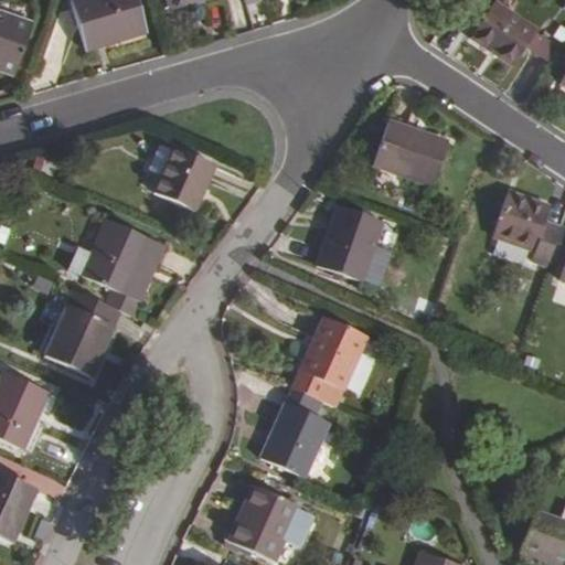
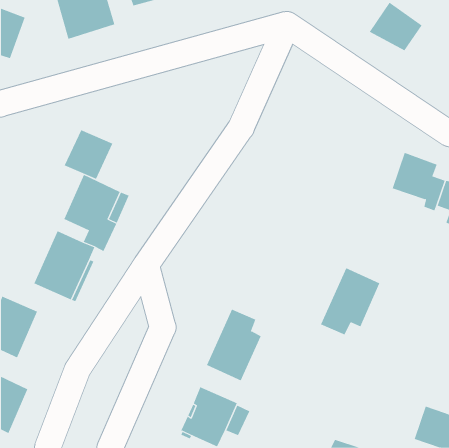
building: [373,121,448,184] -> none
building: [153,147,215,210] -> [64,129,113,180]
building: [316,205,383,281] -> none
building: [291,316,366,401] -> [320,267,380,335]

